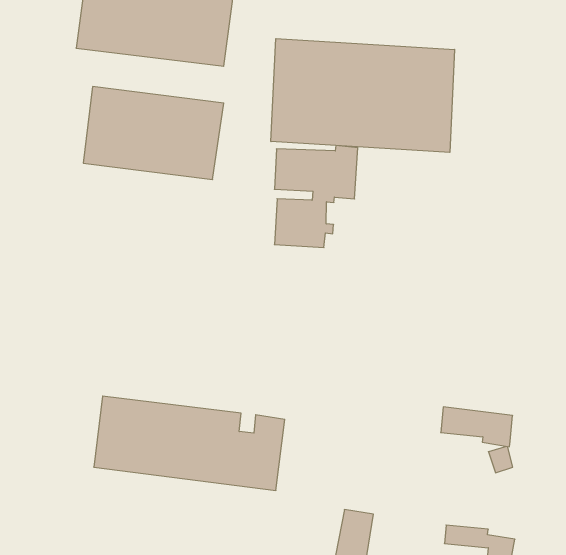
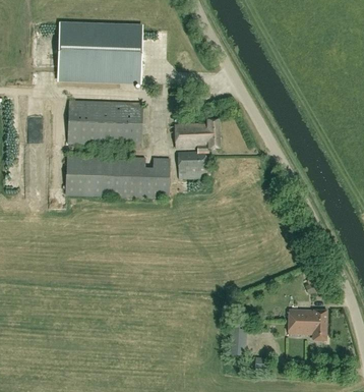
building: [271,39,455,152] -> none
building: [94,396,285,490] -> [66,155,169,198]
building: [441,407,513,447] -> [288,309,326,327]

